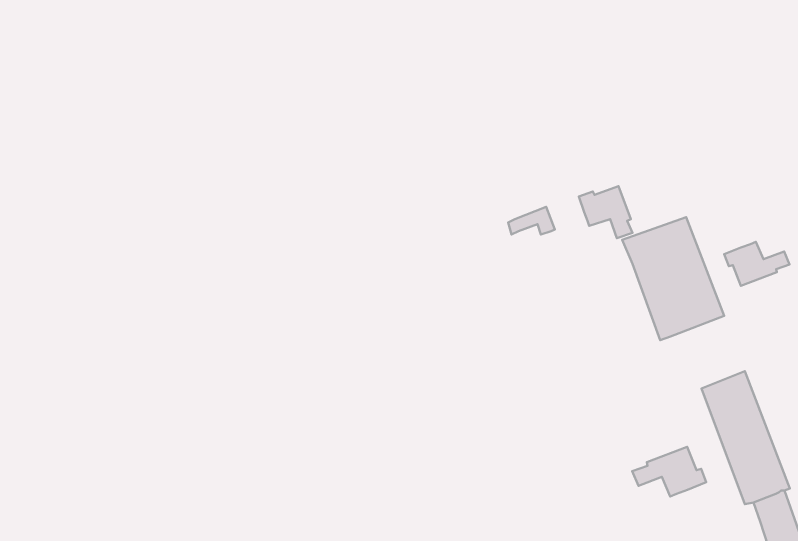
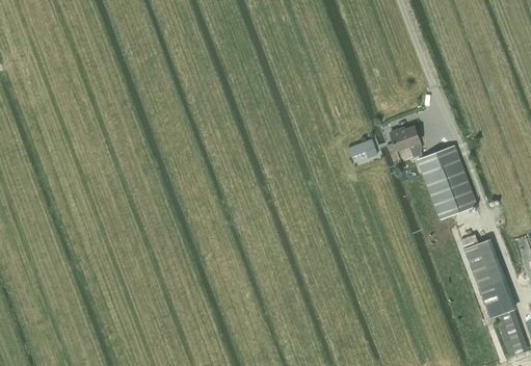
building: [724,242,790,286] -> none
building: [632,447,706,496] -> none

